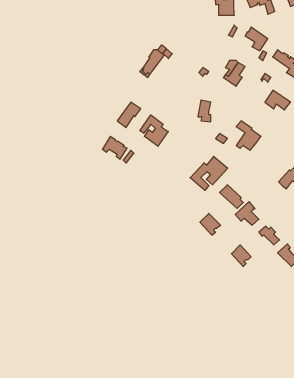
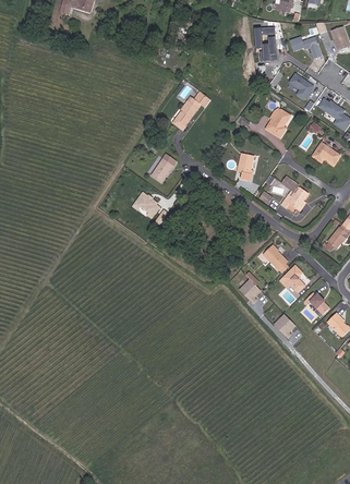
building: [140,115,168,146] -> none
building: [190,156,228,190] -> none

